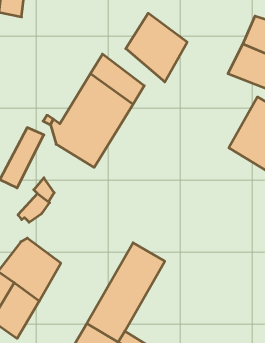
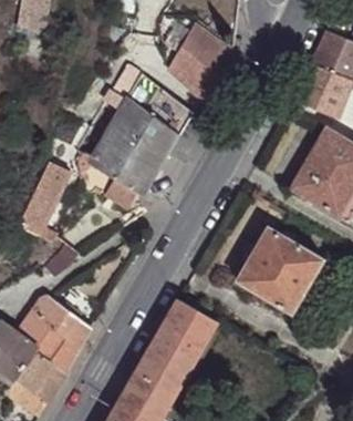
building: none -> [237,209,323,312]

